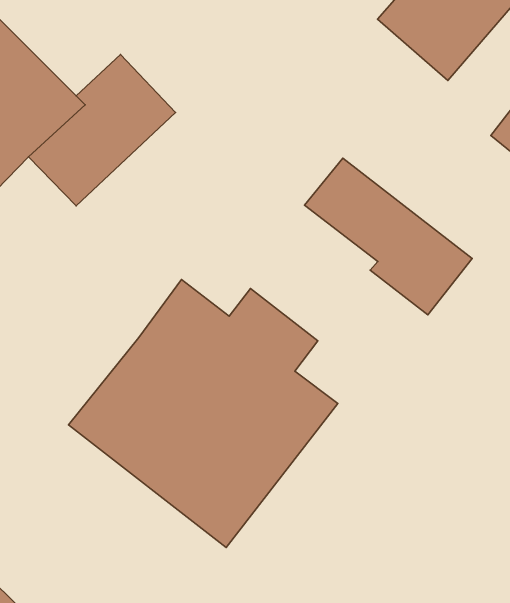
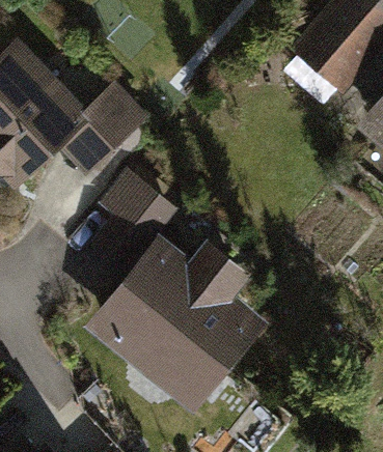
building: [304,158,472,315] -> none
building: none -> [94,172,174,271]

